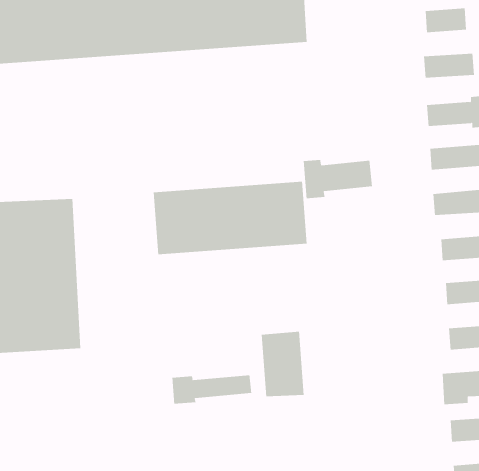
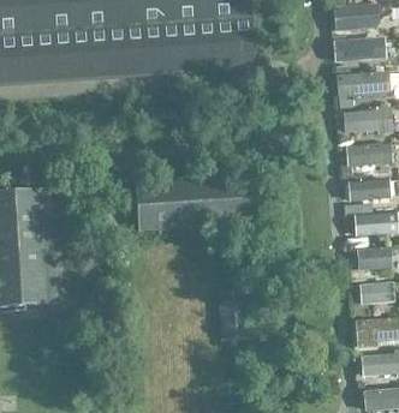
building: [303,159,373,199] -> none
building: [172,374,252,405] -> none

